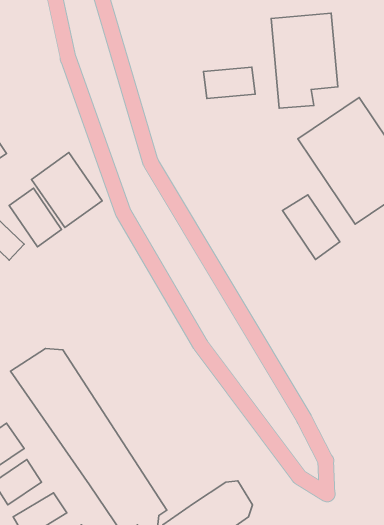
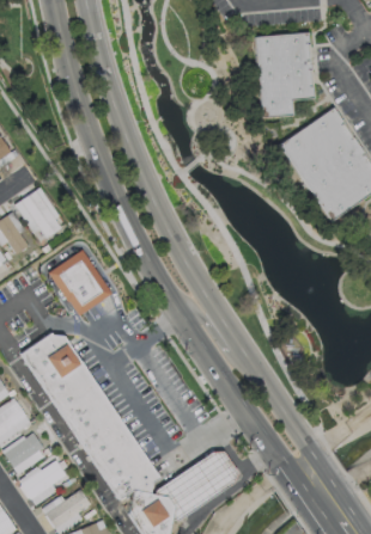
building: [204,67,255,99] -> none
building: [31,153,102,227] -> [49,250,112,317]
building: [283,195,340,259] -> none

